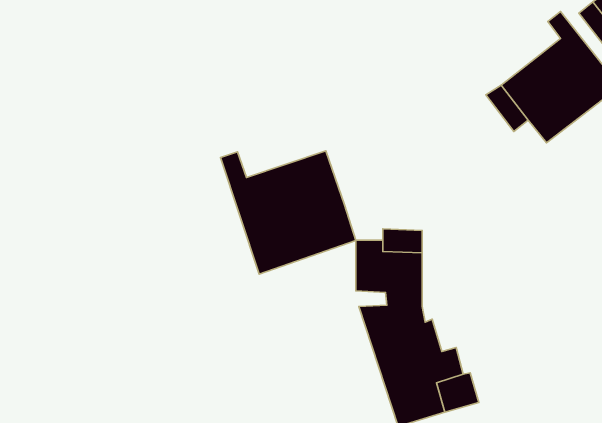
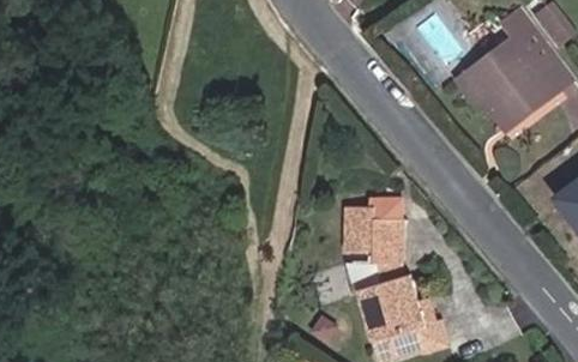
building: [221,151,356,274] -> none

